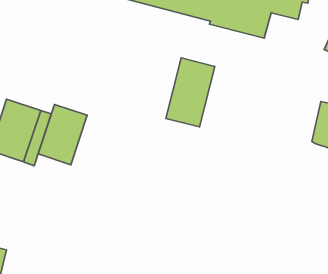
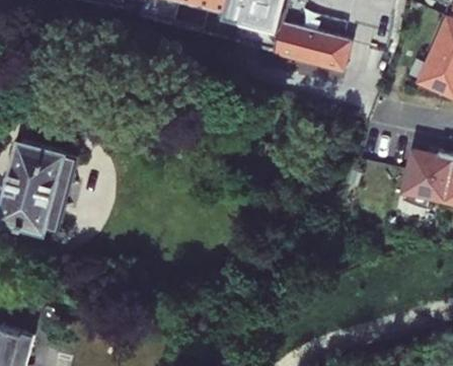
building: [166,58,215,127] -> none
building: [38,104,87,165] -> none

